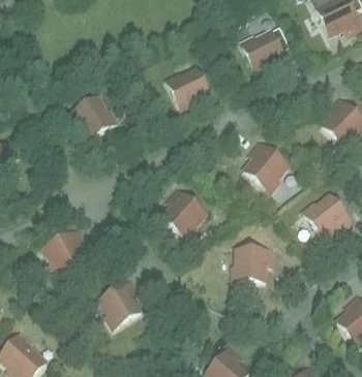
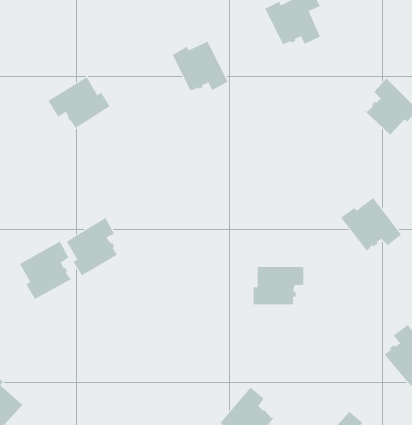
building: [243,139,286,186] -> none
building: [160,187,205,238] -> none
building: [98,279,141,326] -> [66,217,119,276]

